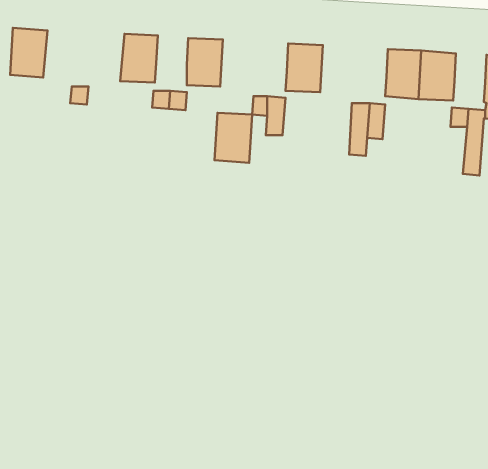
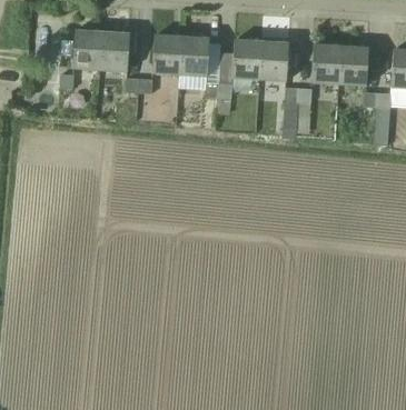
building: [10,28,47,78] -> [72,29,102,69]
building: none -> [259,40,288,80]
building: [215,113,252,163] -> [179,36,209,76]

